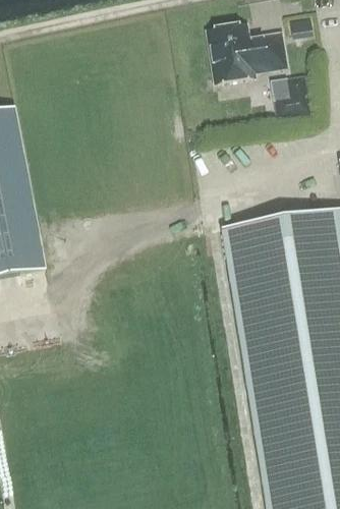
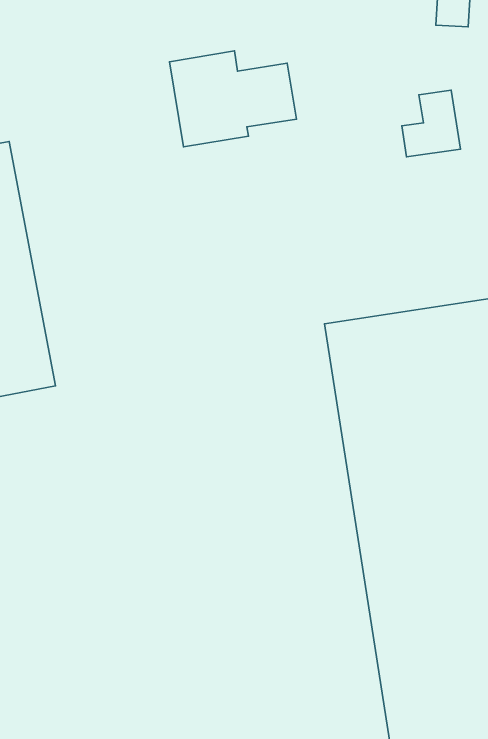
building: [204,19,287,82] -> [170,51,296,147]

